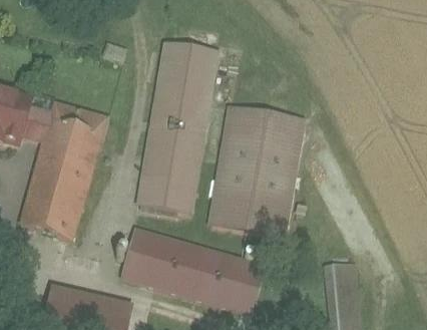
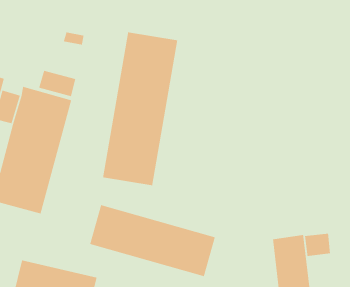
building: none -> [38,70,76,97]
building: [207,107,301,236] -> none
building: none -> [304,233,331,257]

